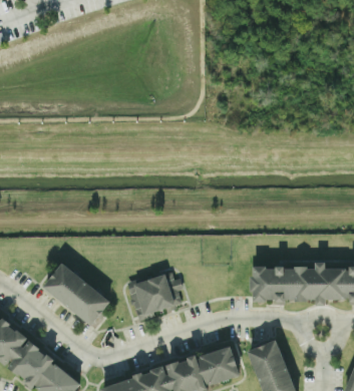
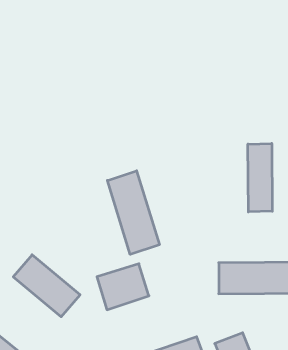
building: none -> [248,143,272,212]
building: none -> [107,171,159,254]

